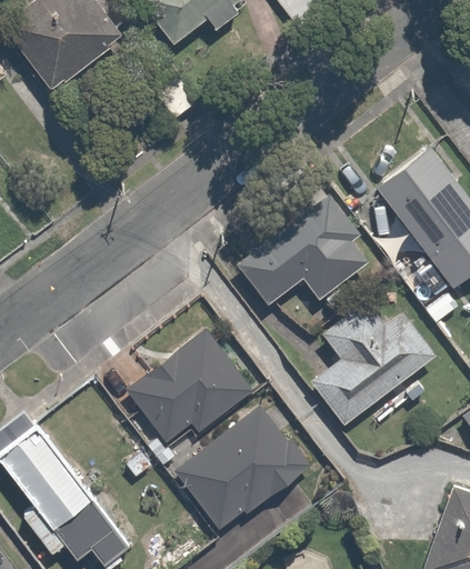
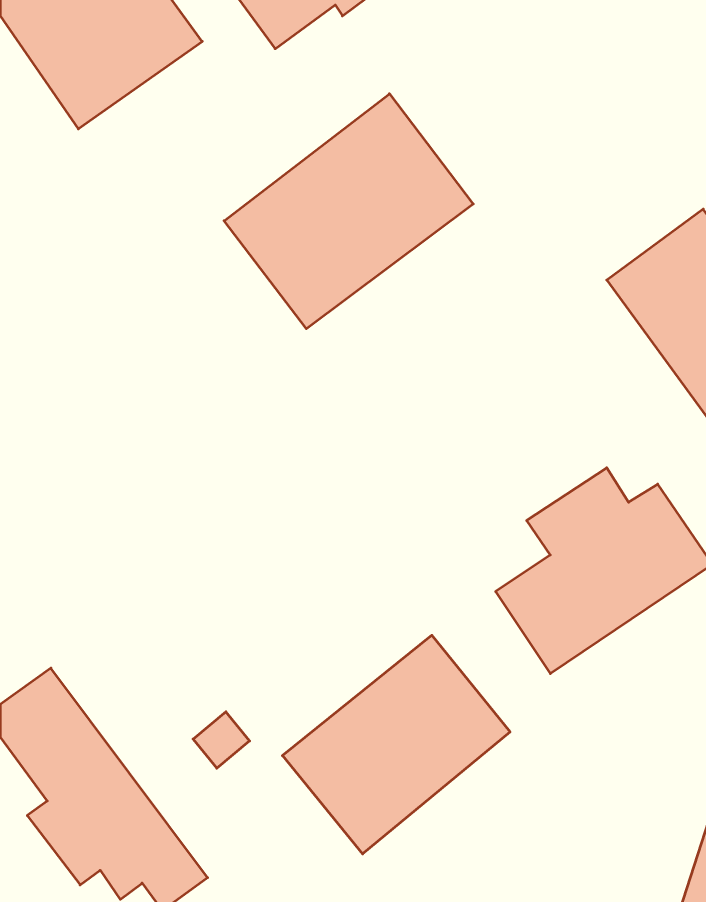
building: none -> [224,94,473,329]
building: [233,194,364,306] -> none
building: [131,327,260,439] -> none

